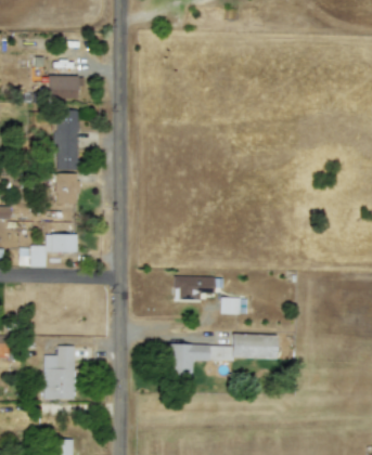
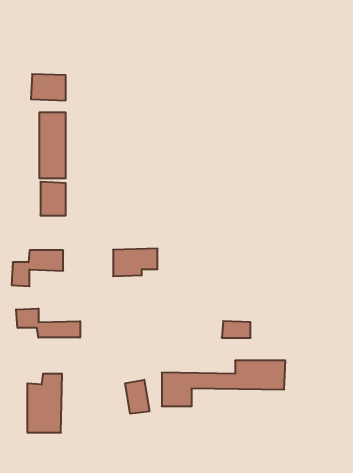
building: [175,275,215,300] -> [113,249,158,276]
building: none -> [16,308,80,338]
building: none -> [125,380,149,414]

